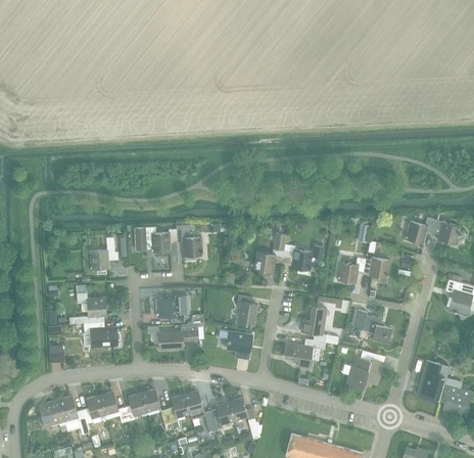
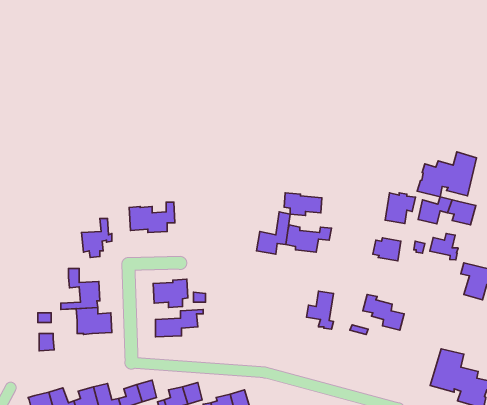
building: none -> [417,152,476,197]
building: none -> [284,193,322,216]
building: [175,222,200,256] -> none
building: none -> [430,234,458,260]
building: [336,254,365,282] -> [385,193,416,223]
building: [235,294,256,325] -> none
building: [218,329,251,358] -> none
building: [283,337,316,367] -> none
building: [344,350,383,387] -> none

